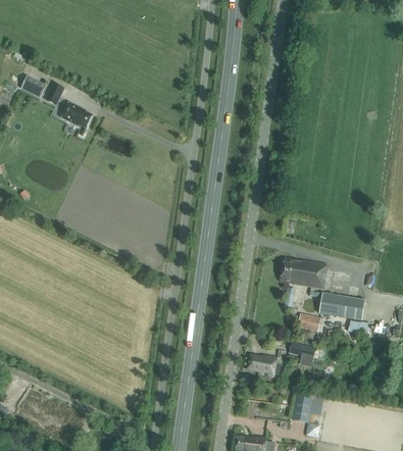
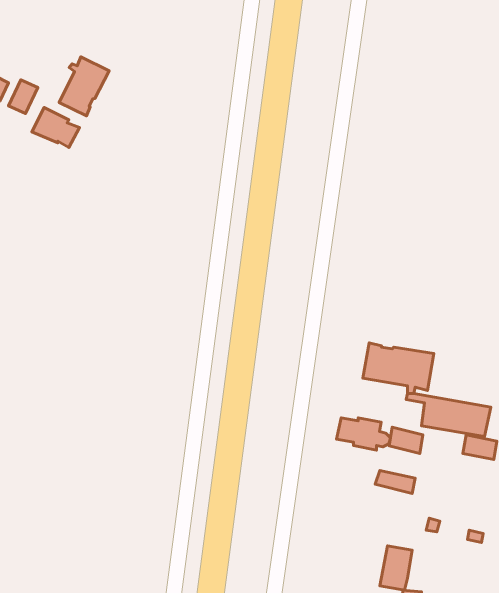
building: none -> [59,57,109,116]
building: [247,354,283,375] -> [336,418,390,450]

